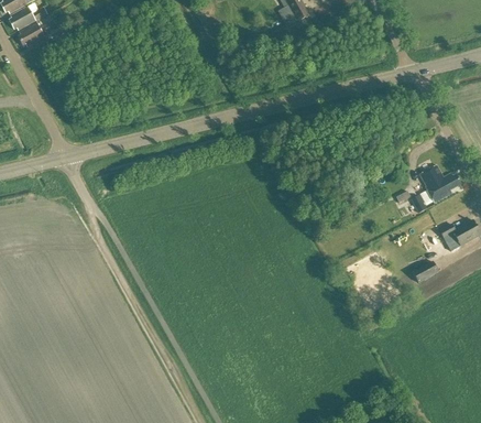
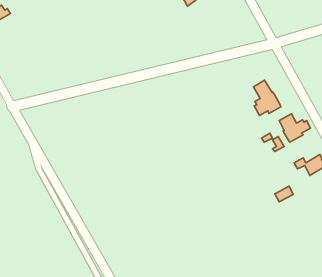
building: none -> [254,80,281,116]

